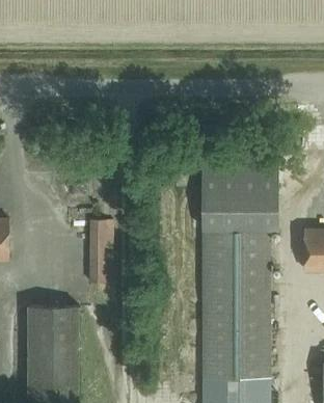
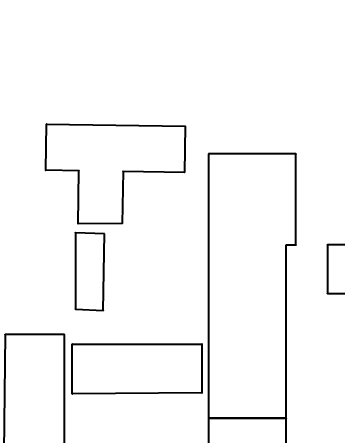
building: none -> [46,124,185,224]
building: none -> [72,344,202,394]

